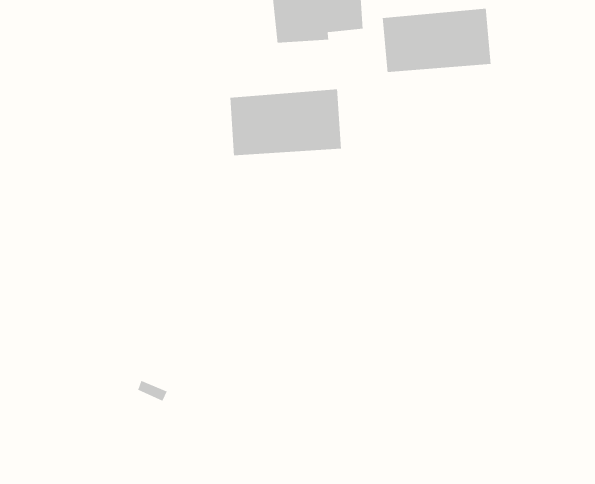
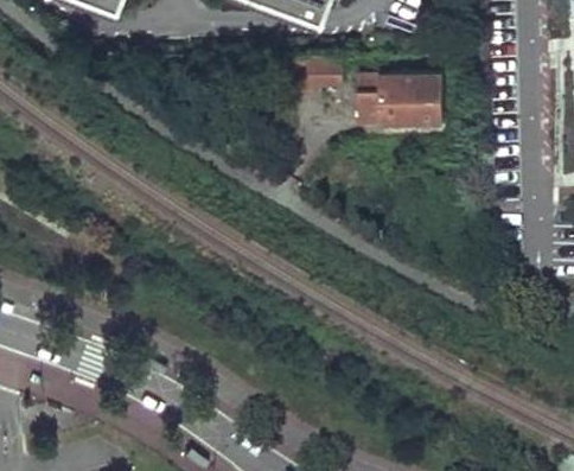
building: [229,89,342,156] -> none

